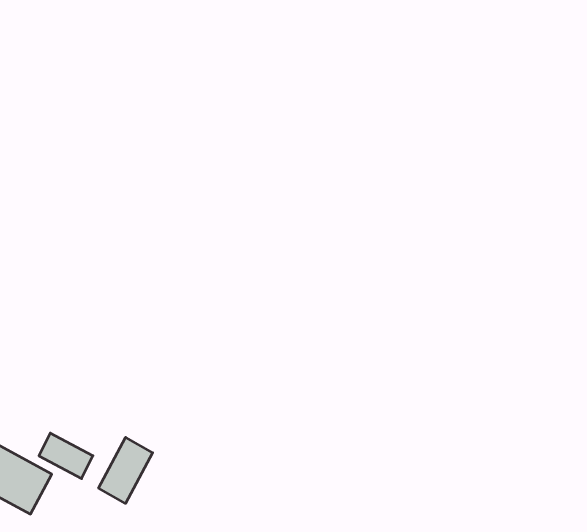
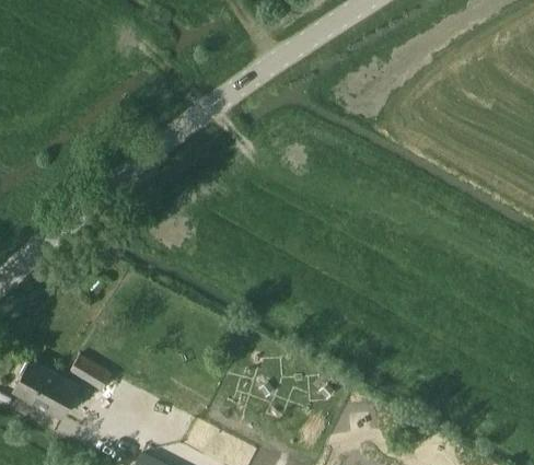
building: [99,437,153,503] -> none

